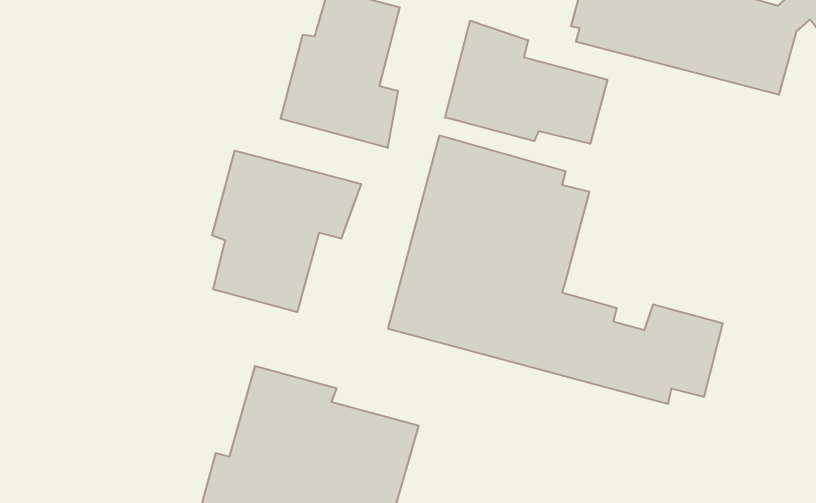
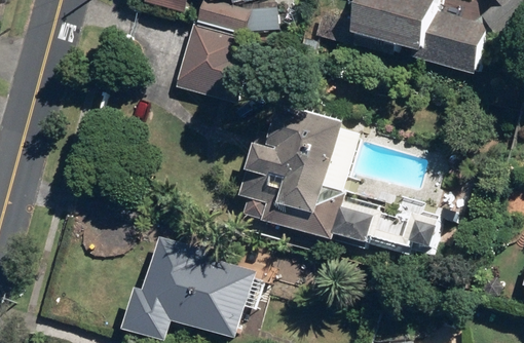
building: [445,21,607,144] -> none
building: [212,151,361,312] -> none

